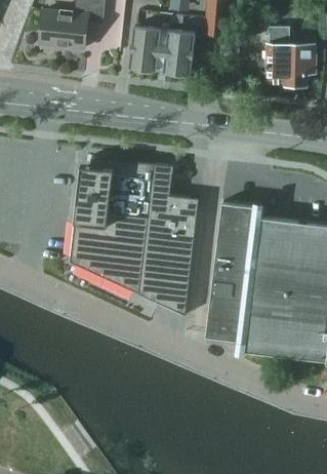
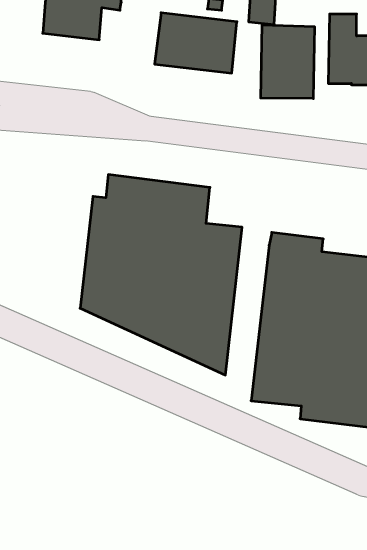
building: none -> [261,25,314,99]

